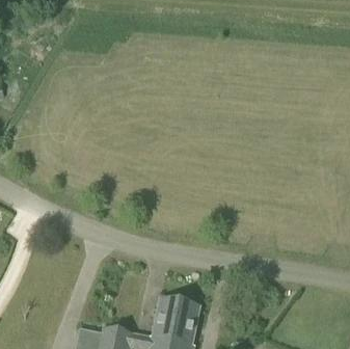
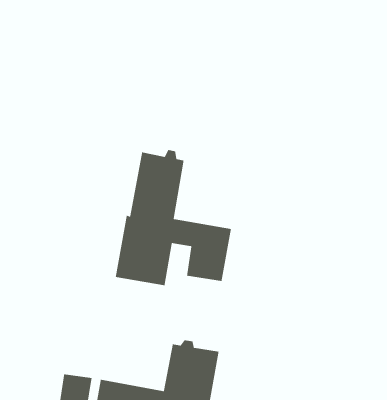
building: none -> [115,149,232,286]

